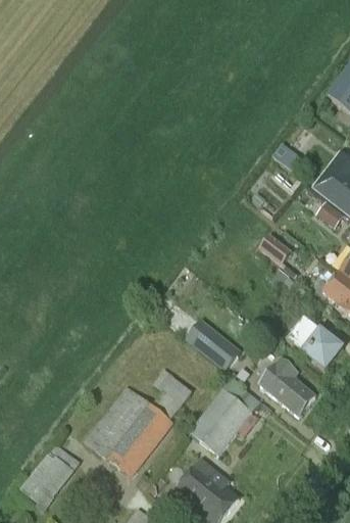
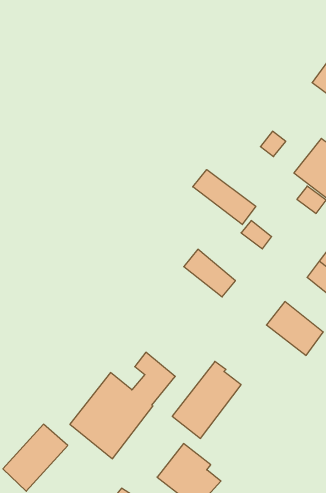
building: none -> [193,170,256,225]
building: [187,320,239,368] -> [184,249,235,297]
building: [259,358,315,416] -> none

